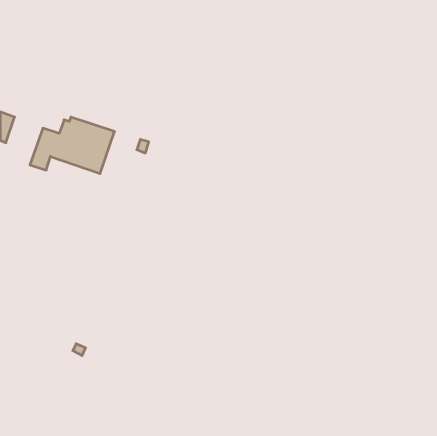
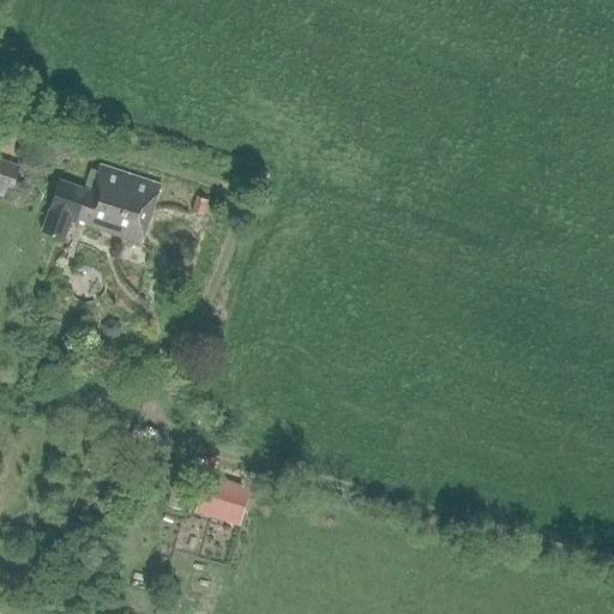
building: none -> [201,476,248,519]

